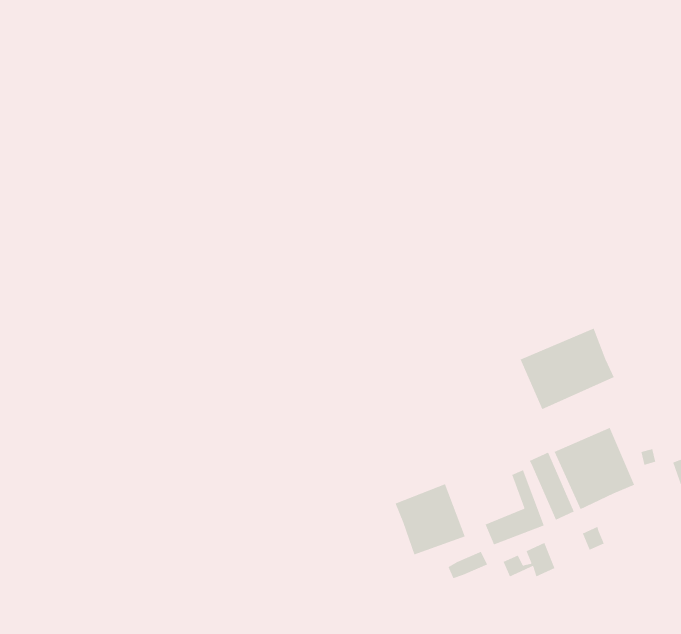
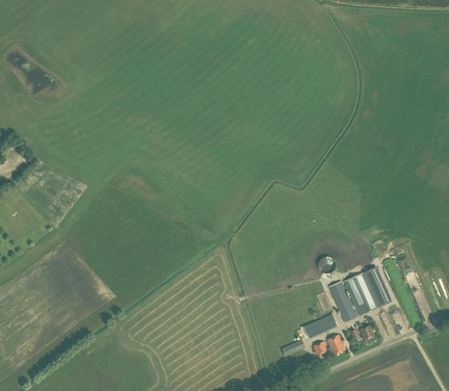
building: [520,327,615,410] -> none
building: [395,483,466,556] -> none

